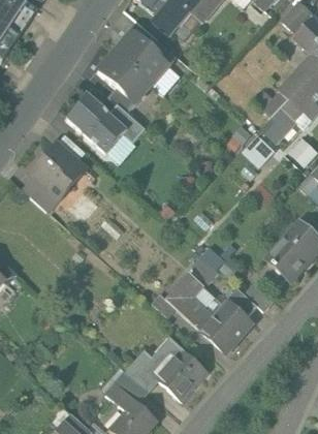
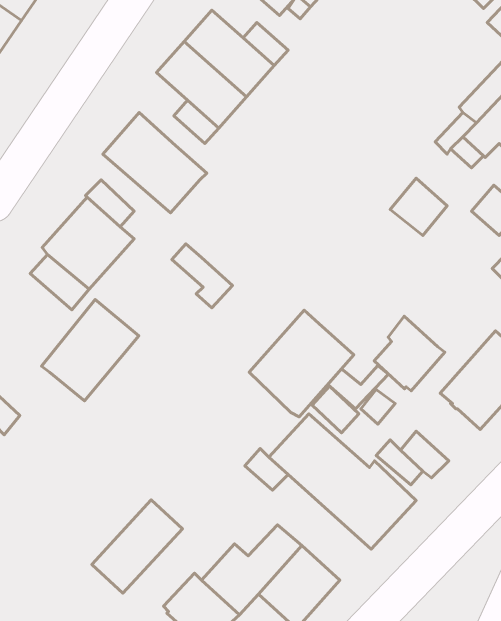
building: [108,103,145,142] -> [172,244,233,308]
building: none -> [41,300,139,401]
building: none -> [249,310,354,417]
building: none -> [374,316,445,391]
building: none -> [92,500,182,593]

